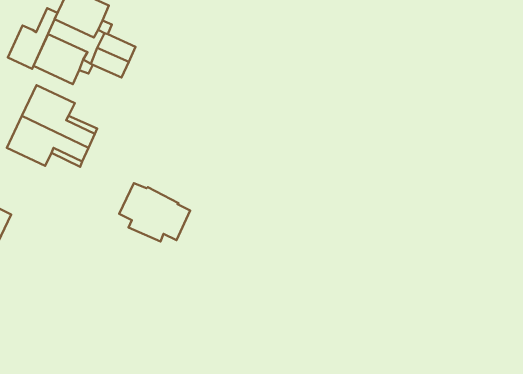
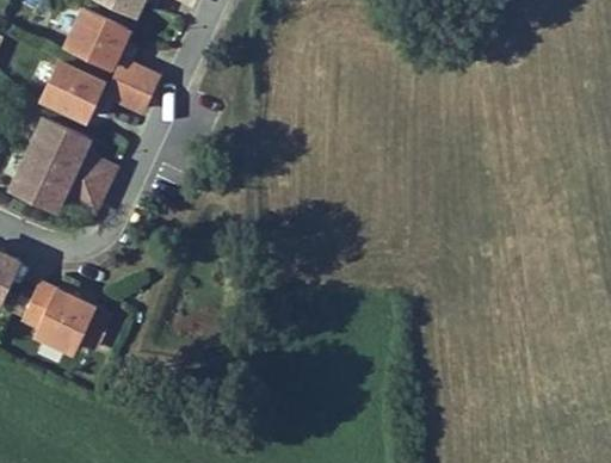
building: [8,8,58,69] -> none
building: [119,183,190,241] -> [25,286,105,352]

